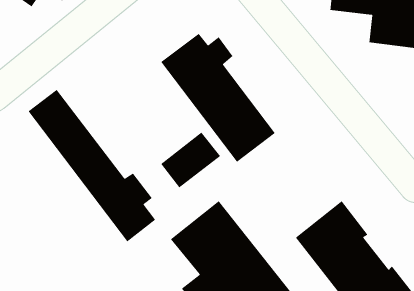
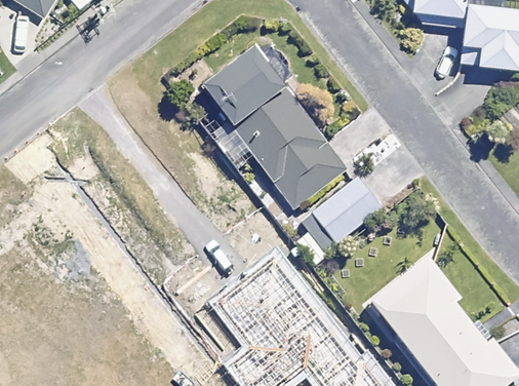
building: [27,89,156,242] -> none
building: [160,131,221,188] -> [305,179,381,249]

